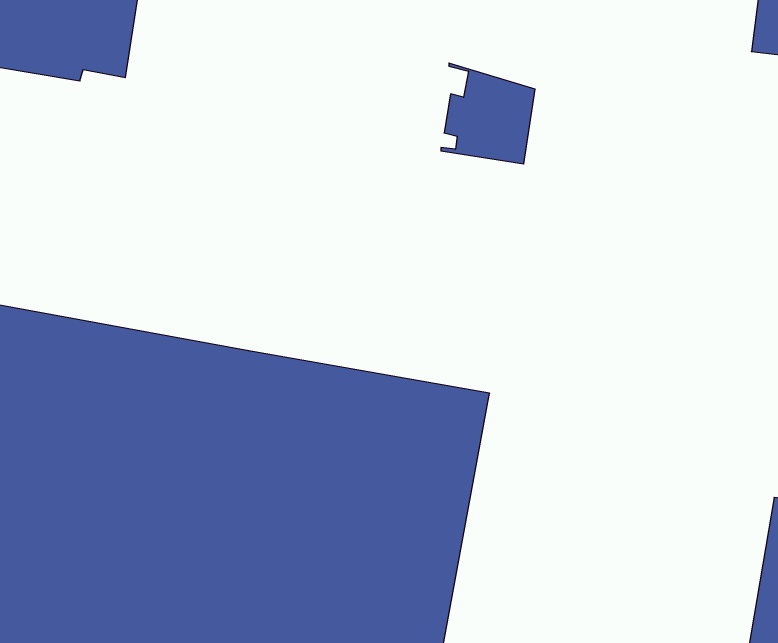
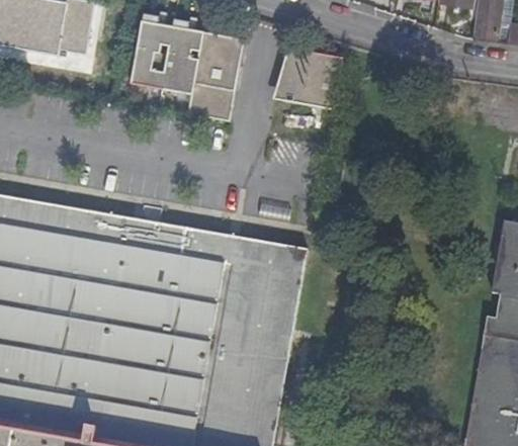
building: none -> [126,11,241,119]

